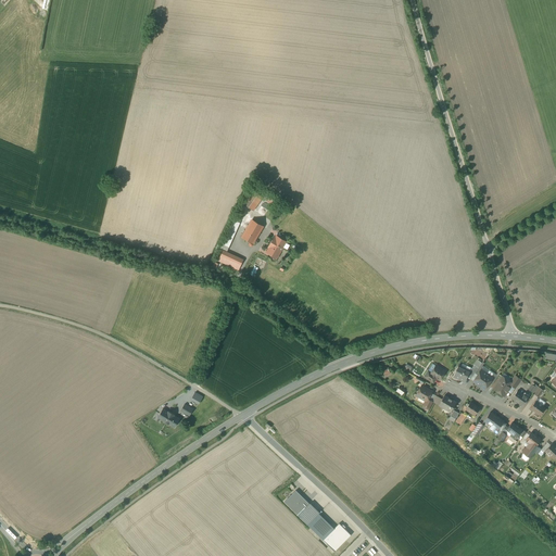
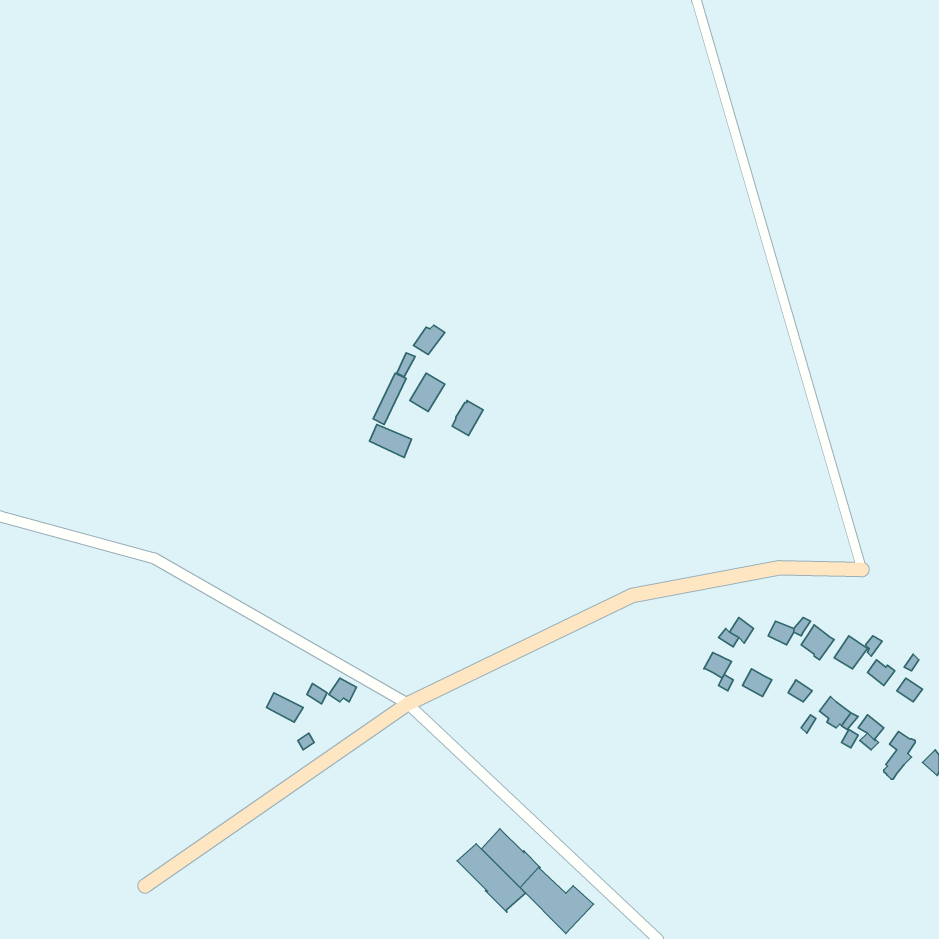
building: none -> [457,844,526,912]

